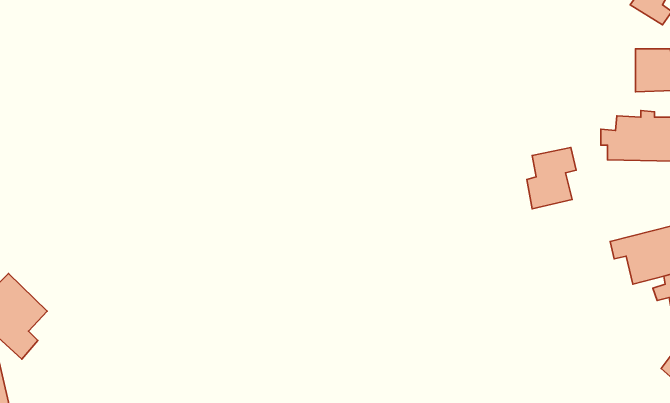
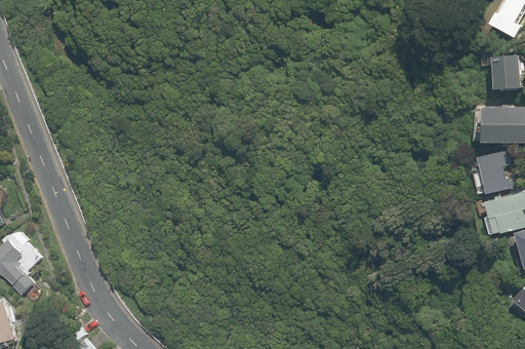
building: [527,147,576,209] -> [473,150,511,197]

